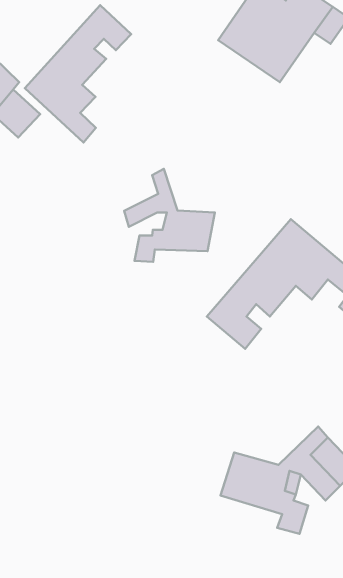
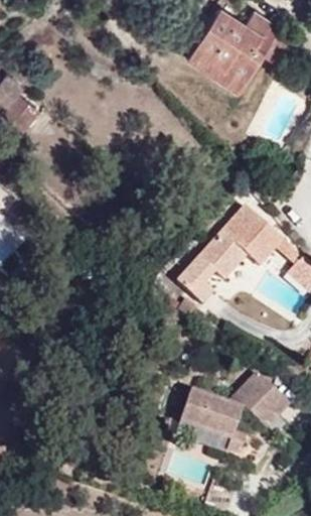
building: [25,5,131,142] -> none
building: [124,169,215,262] -> none

